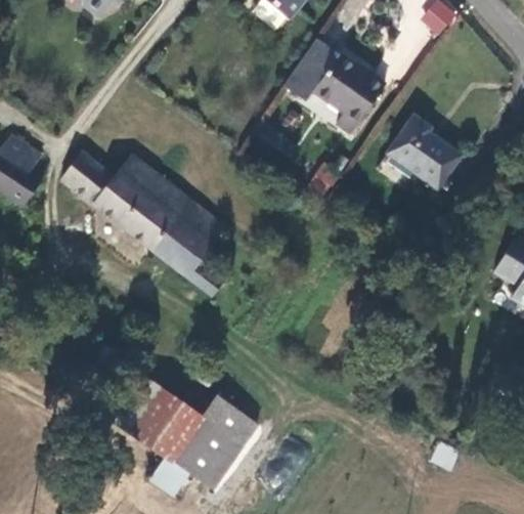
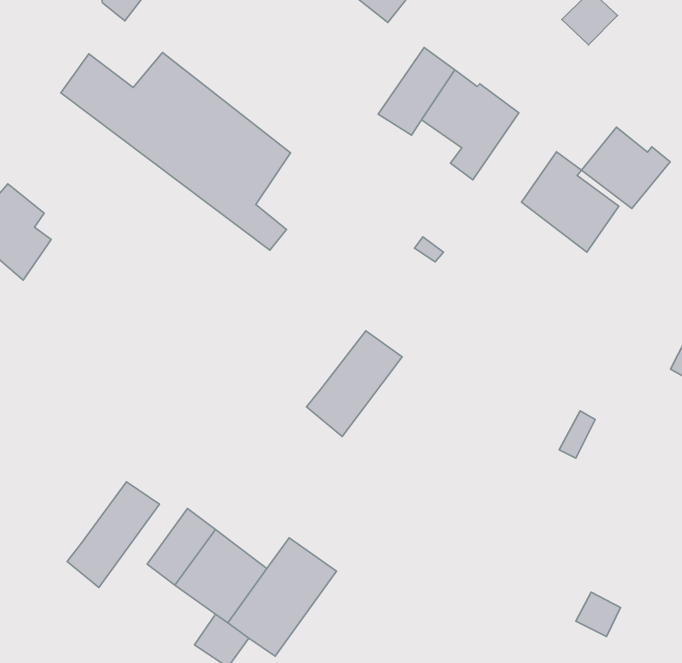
building: none -> [581,127,670,209]
building: [59,152,228,297] -> [61,53,291,250]
building: none -> [306,331,402,437]
building: none -> [67,482,159,588]

